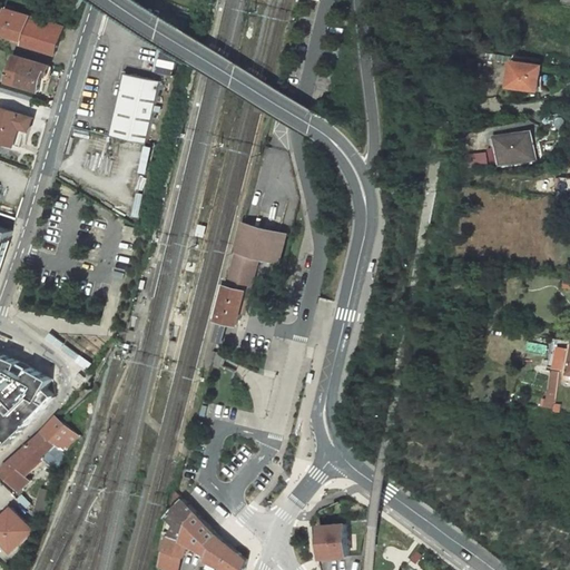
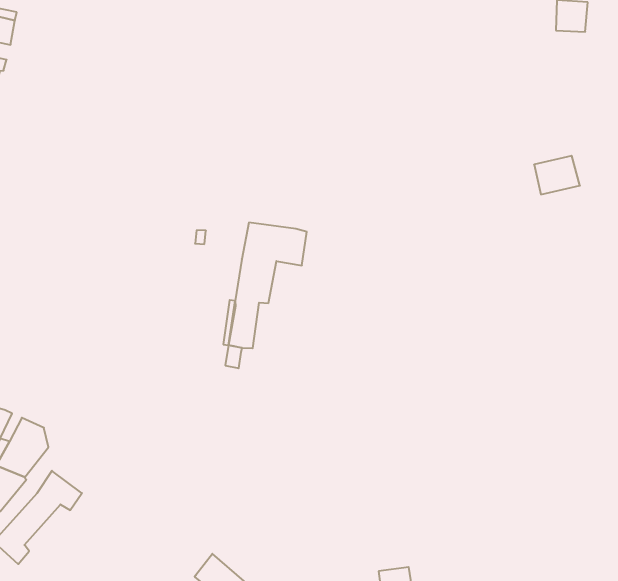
building: [102,73,151,145] -> none
building: [493,134,530,164] -> [534,156,580,194]

